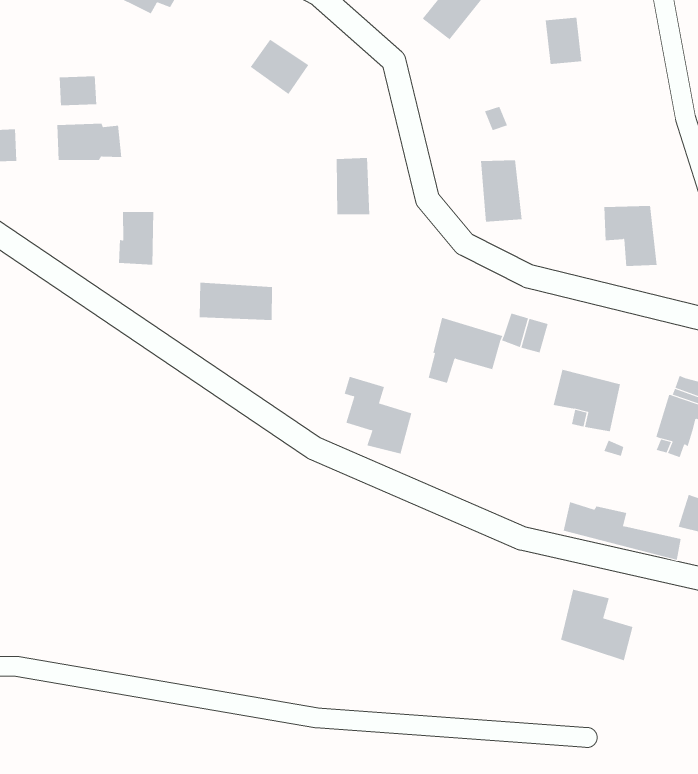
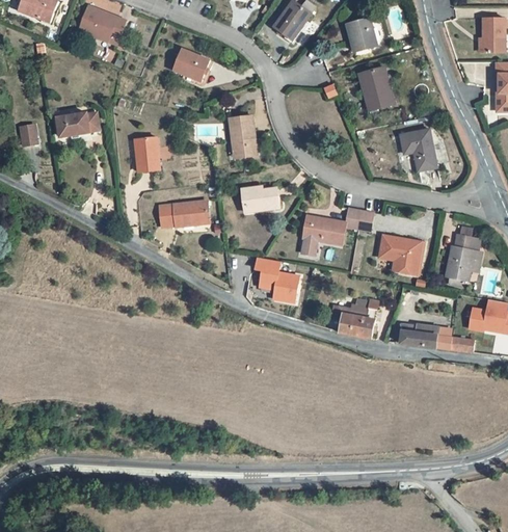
building: [59,76,97,106] -> none
building: [480,160,523,222] -> [360,72,391,112]
building: [118,211,154,265] -> [135,140,158,175]
building: none -> [240,187,280,214]
building: none -> [330,293,376,331]
building: [561,589,633,661] -> none

